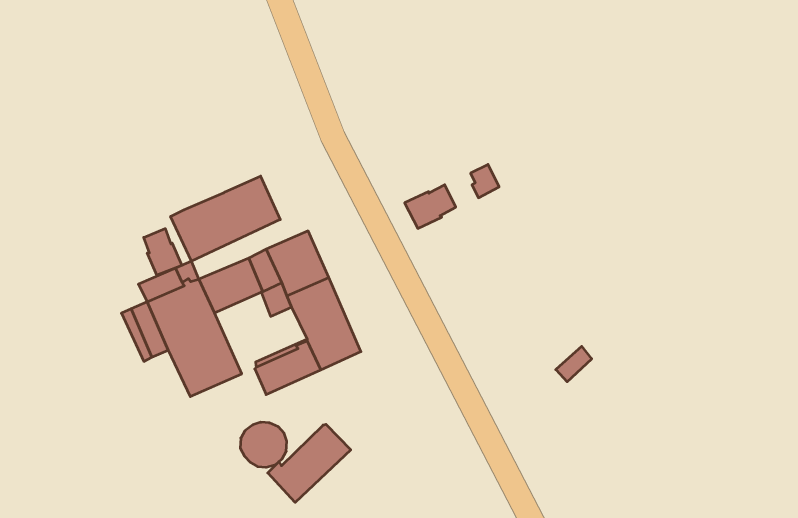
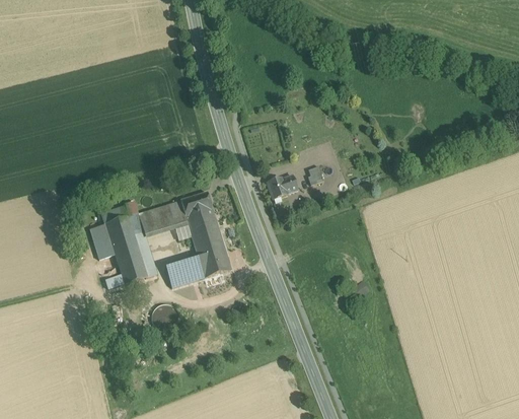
building: [171,176,280,261] -> none
building: [144,229,182,275] -> none
building: [268,424,351,502] -> none

